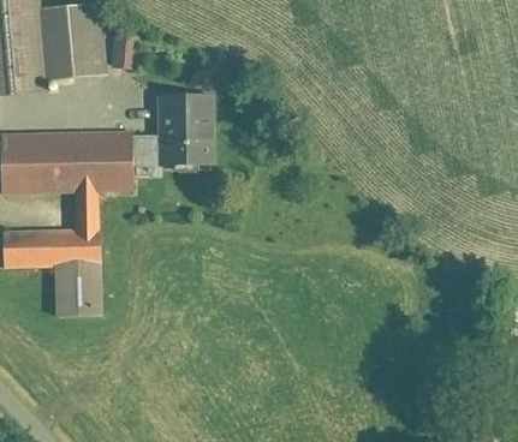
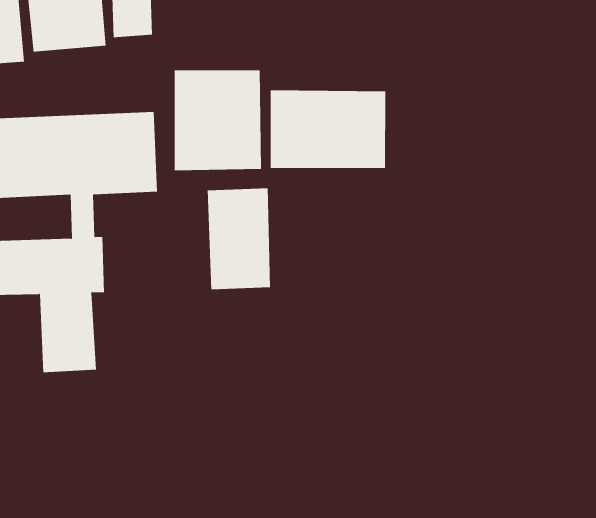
building: none -> [270,89,386,169]
building: none -> [207,188,271,290]

